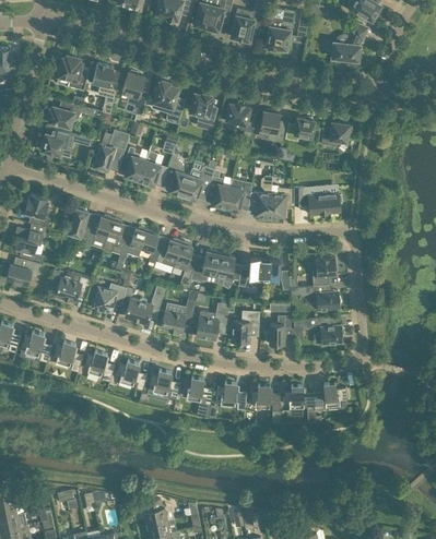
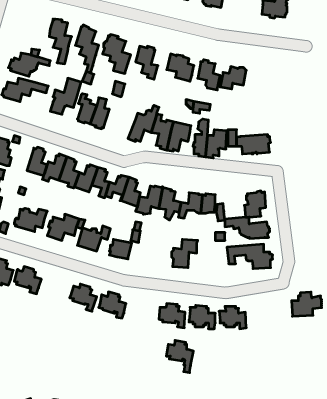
building: [57,55,89,89] -> none
building: [321,121,352,145] -> none
building: [165,152,190,196] -> none
building: [196,301,229,338] -> none
building: [270,314,291,344] -> none
building: [84,350,115,381] -> none
building: [182,376,213,412] -> [166,340,193,373]
building: [314,382,347,409] -> [292,292,322,316]

